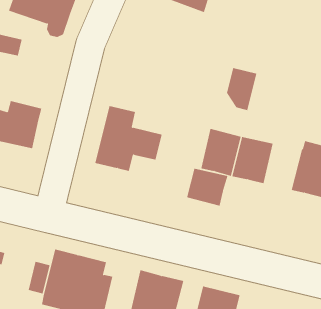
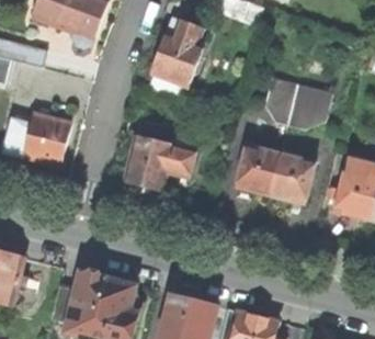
building: none -> [147,19,202,98]
building: none -> [286,84,330,128]
building: [186,168,228,206] -> none

